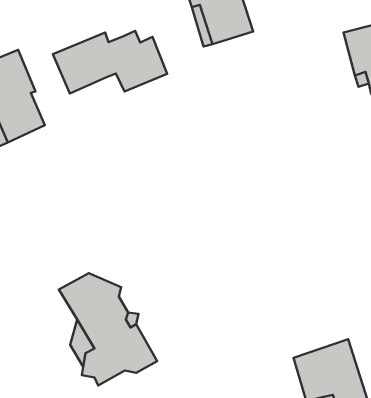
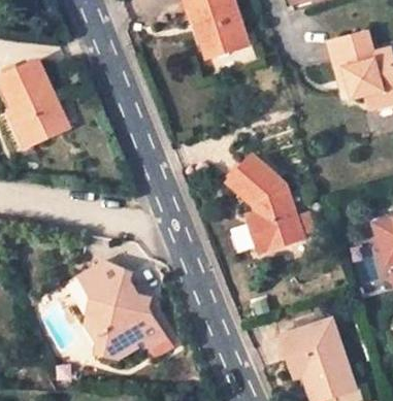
building: [53,31,167,94] -> none
building: none -> [230,155,302,249]

